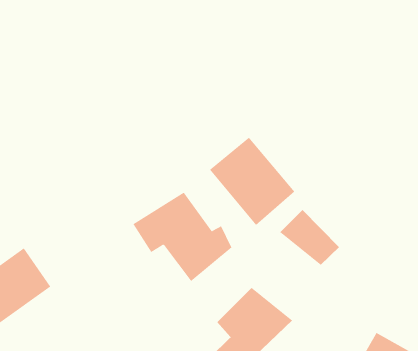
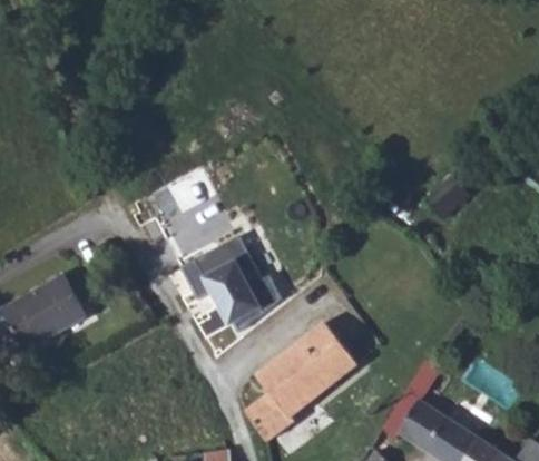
building: [209,137,295,226] -> none
building: [279,209,340,265] -> [297,318,357,377]

